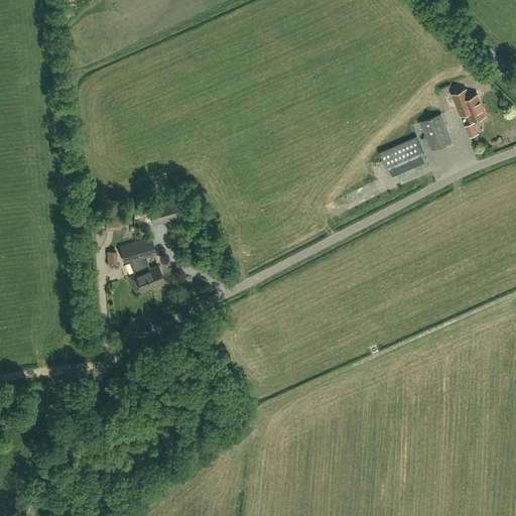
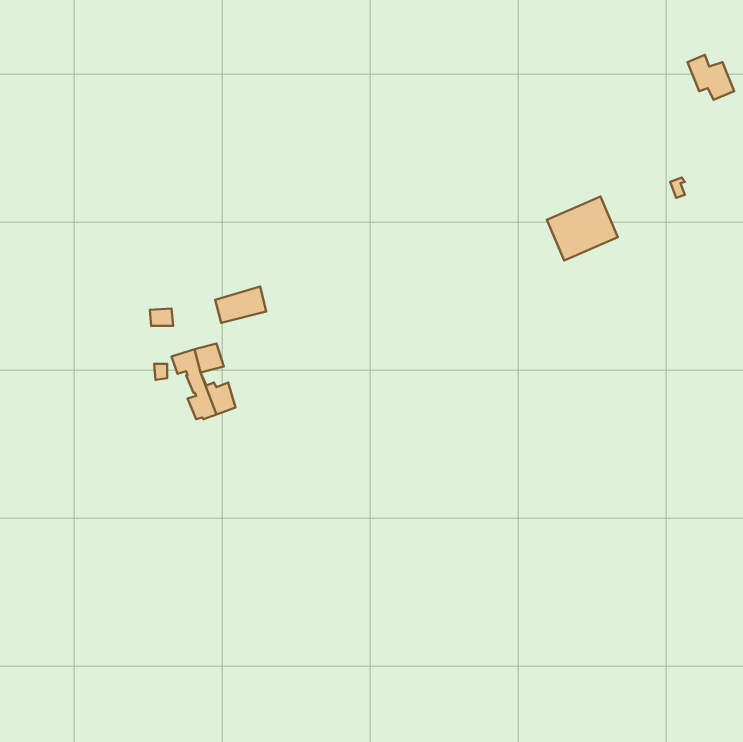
building: [453,91,485,122] -> [687,55,734,100]
building: [420,115,452,150] -> none

